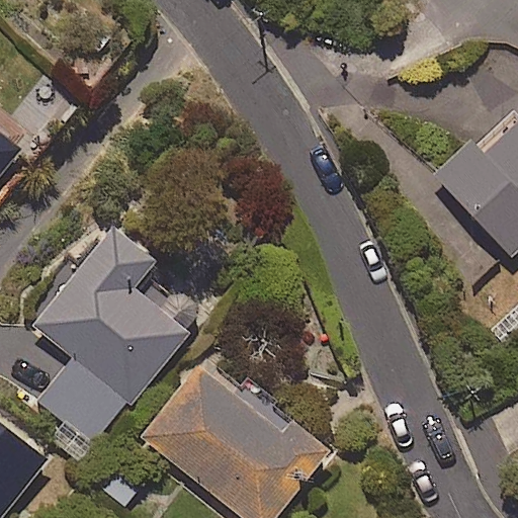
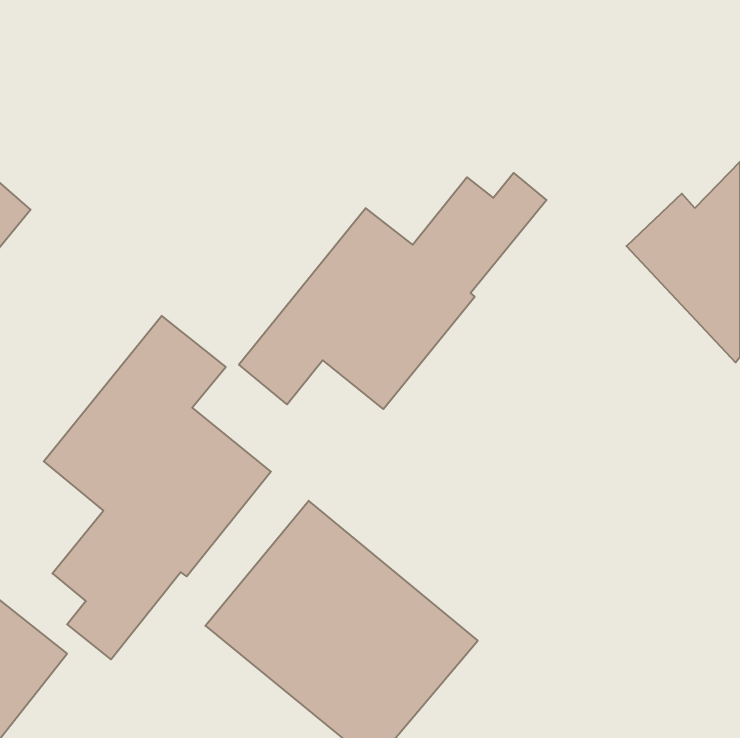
building: none -> [239,173,547,409]

